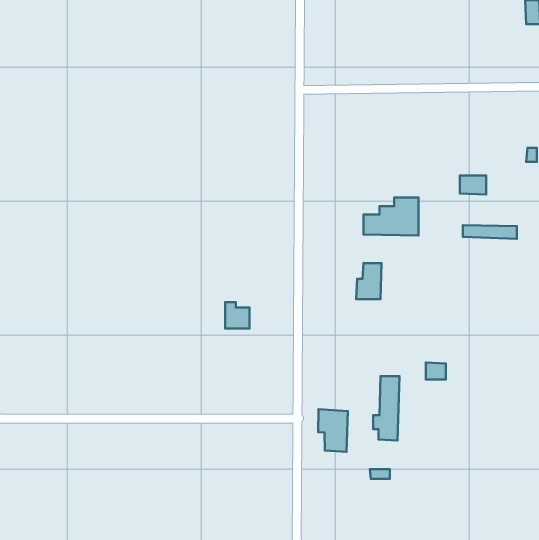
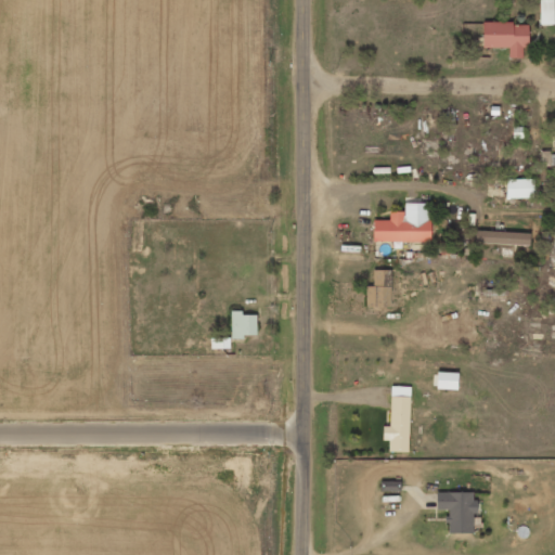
building: none -> [483,22,529,57]
building: [460,176,486,195] -> [507,179,534,198]
building: [318,409,348,452] -> none
building: none -> [437,492,476,533]

